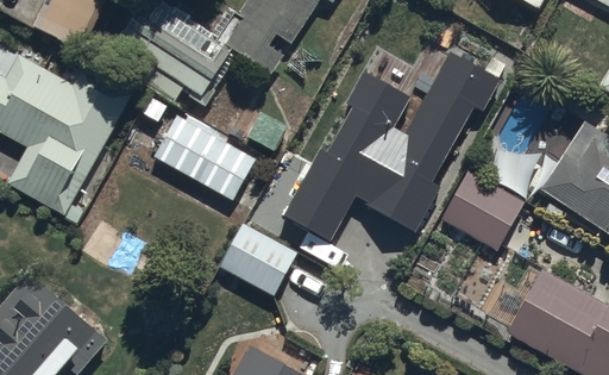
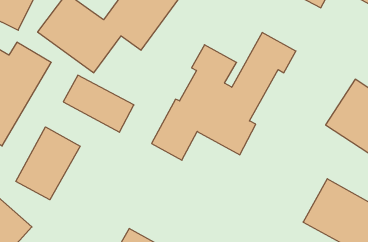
building: [444,170,526,249] -> none
building: none -> [16,127,80,200]
building: [224,219,301,296] -> none

